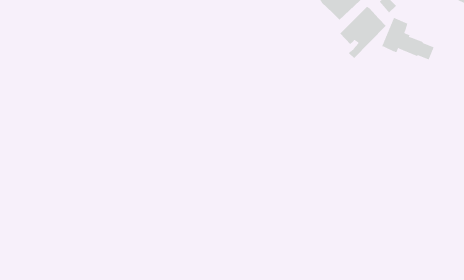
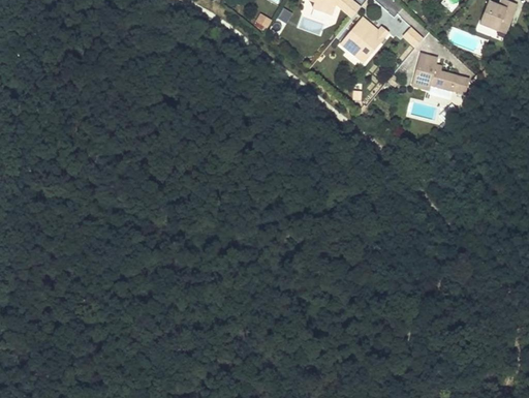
building: [339,6,386,59] -> none

